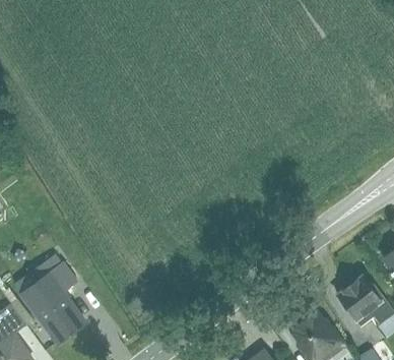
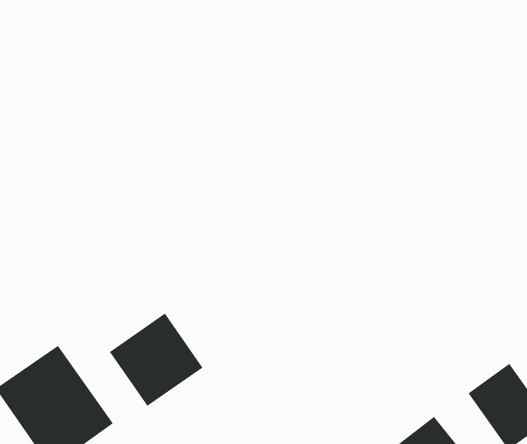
building: none -> [109,313,204,407]

